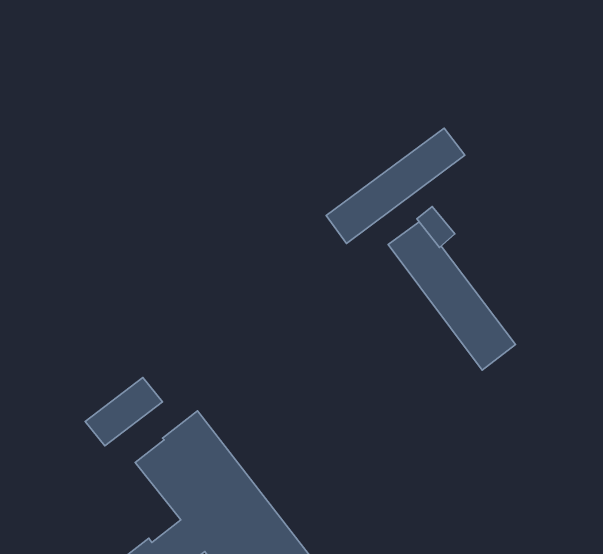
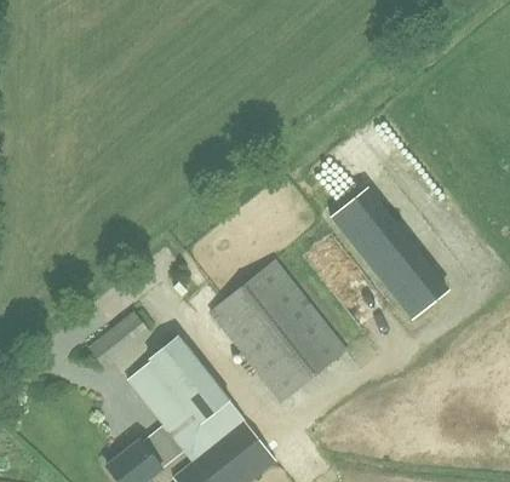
building: [326,128,465,244] -> none
building: none -> [211,259,346,400]

